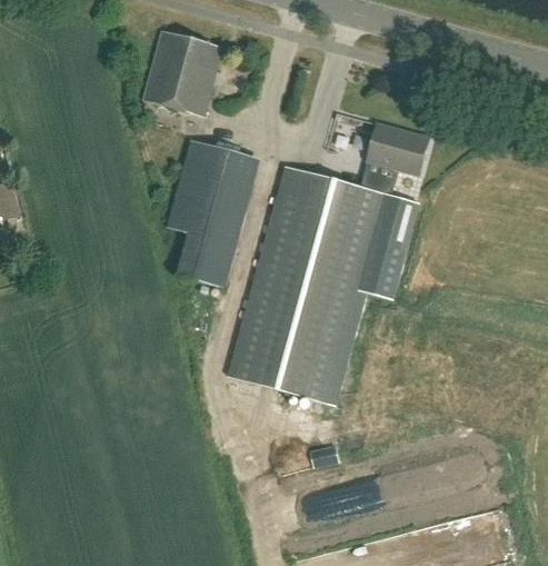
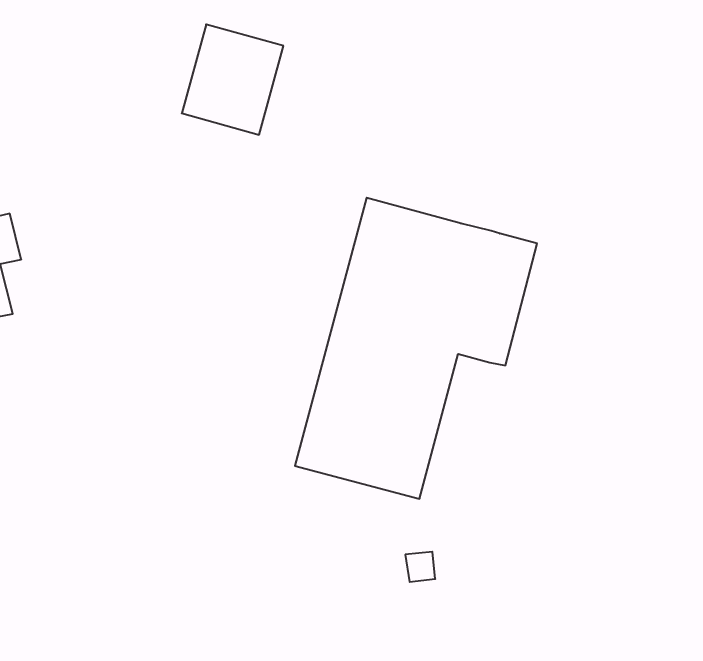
building: [359,123,427,195] -> none
building: [167,139,259,287] -> none

